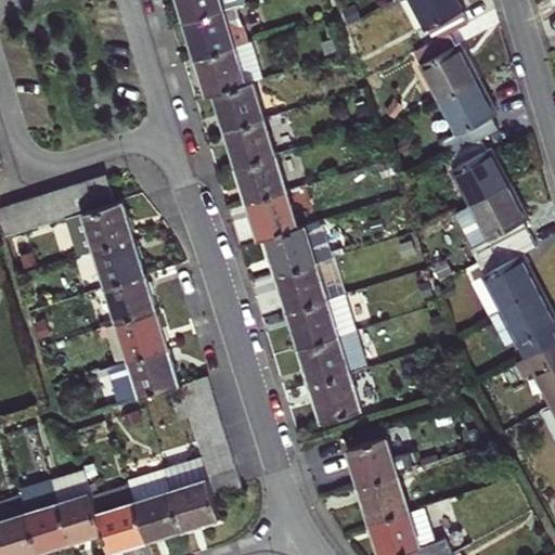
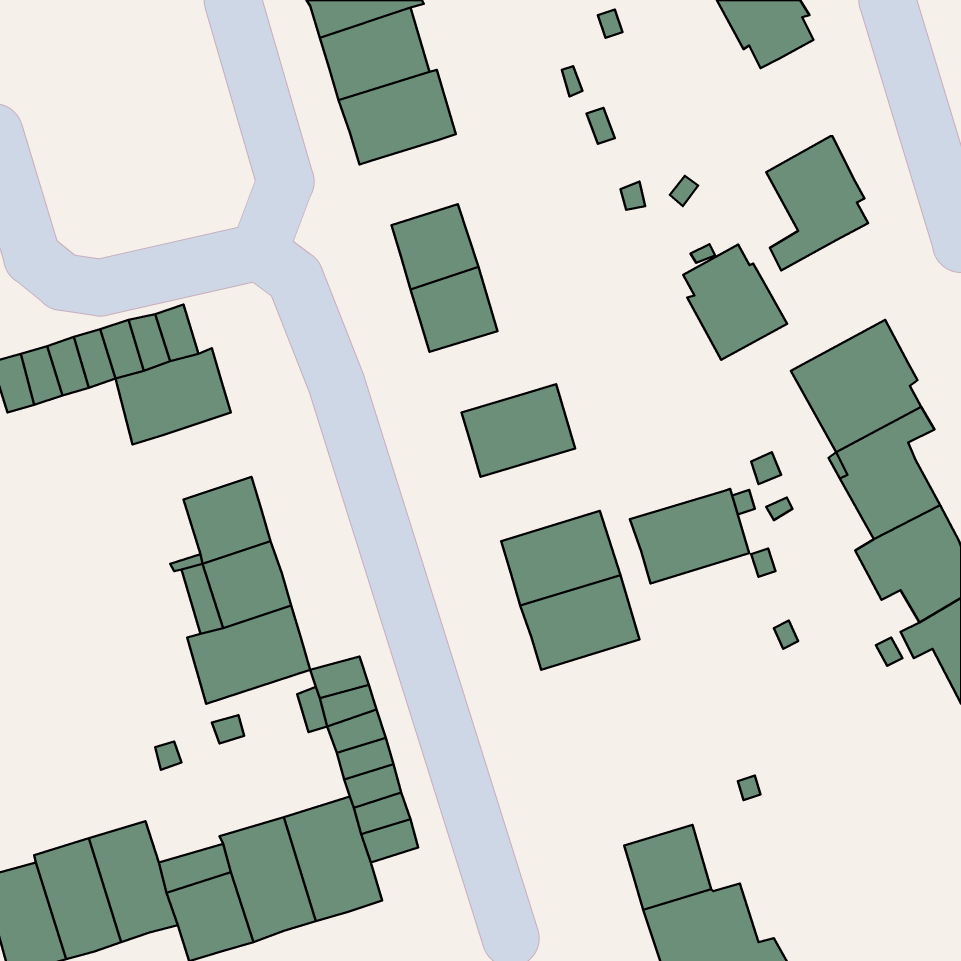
building: [416,37,476,102] -> none
building: [212,83,262,132] -> none
building: [448,141,507,207] -> [683,244,787,360]
building: [246,193,297,242] -> none
building: [93,240,144,289] -> none
building: [275,259,344,313] -> [630,489,749,583]
building: [310,375,360,424] -> none
building: [346,439,416,488] -> none

